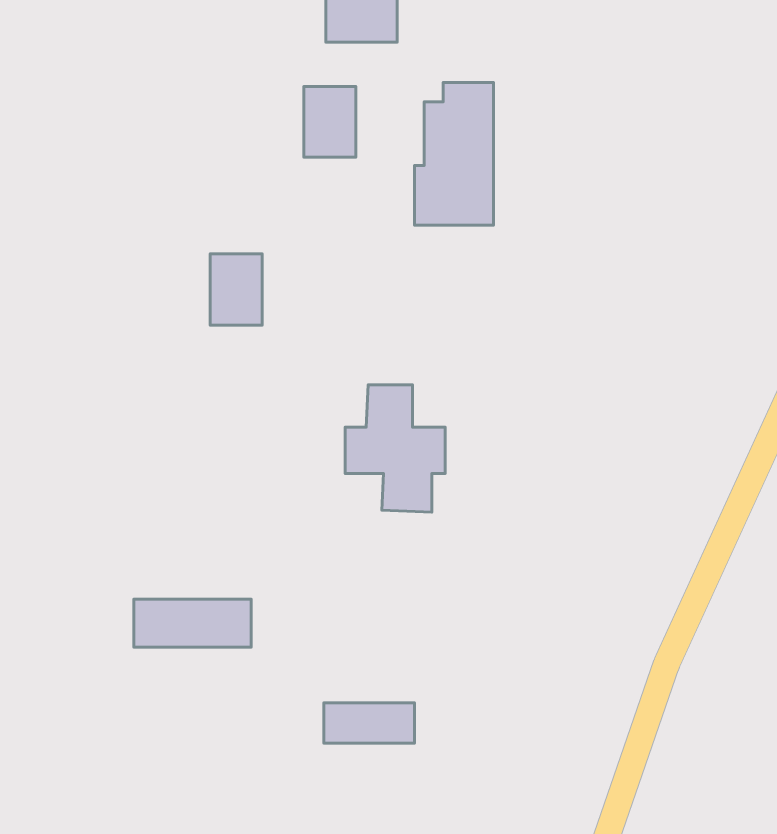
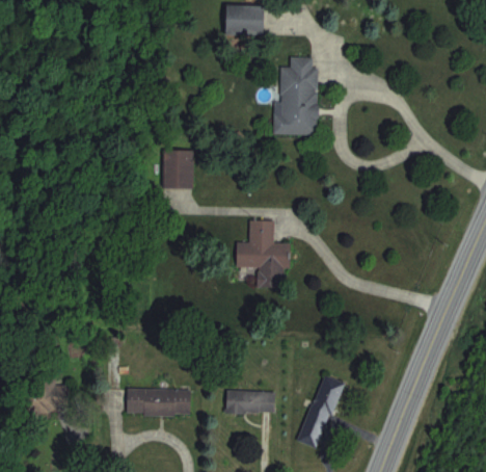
building: [304,87,356,157] -> none
building: [134,599,251,647] -> [127,389,190,415]
building: none -> [297,374,343,449]

